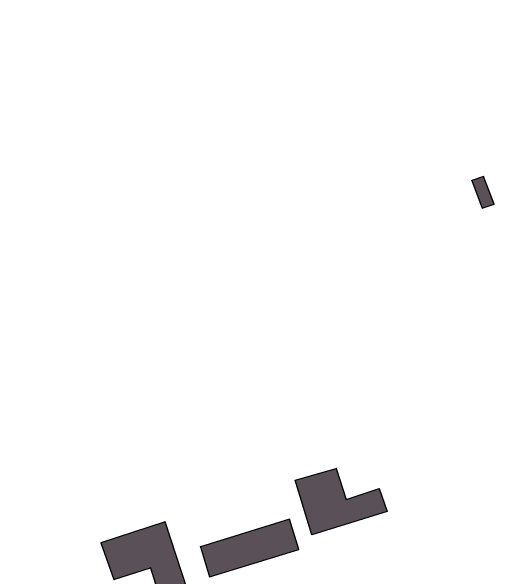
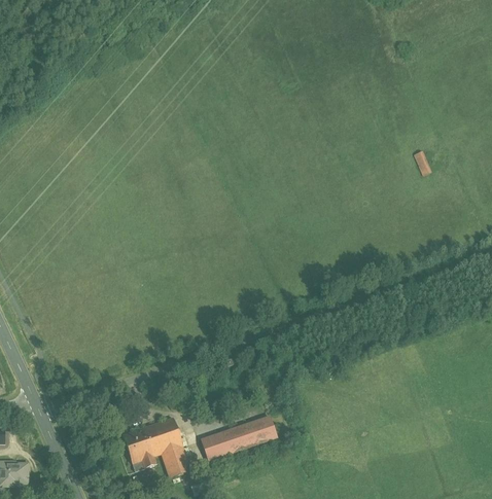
building: [295,468,387,535] -> none

